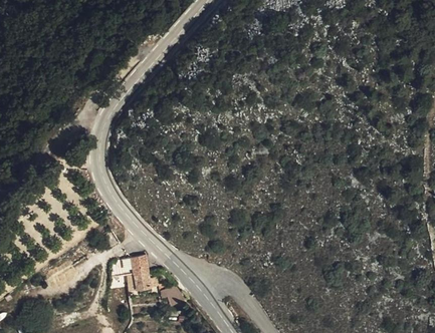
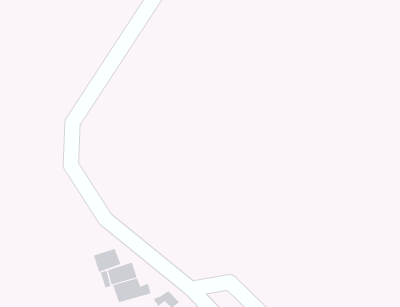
building: none -> [93,248,121,273]

